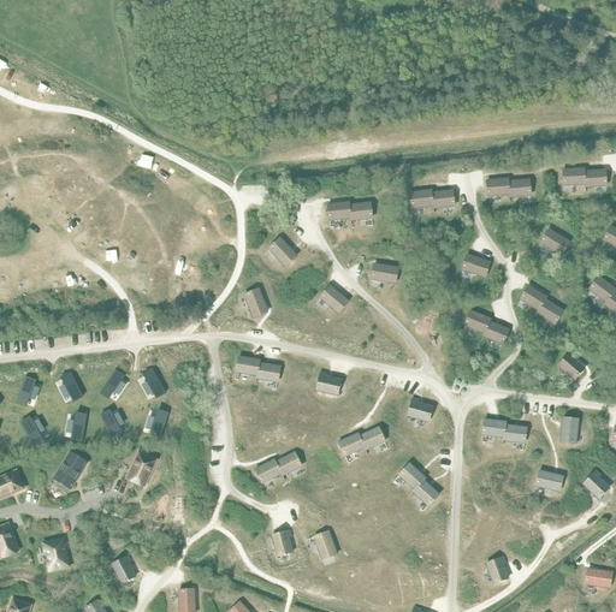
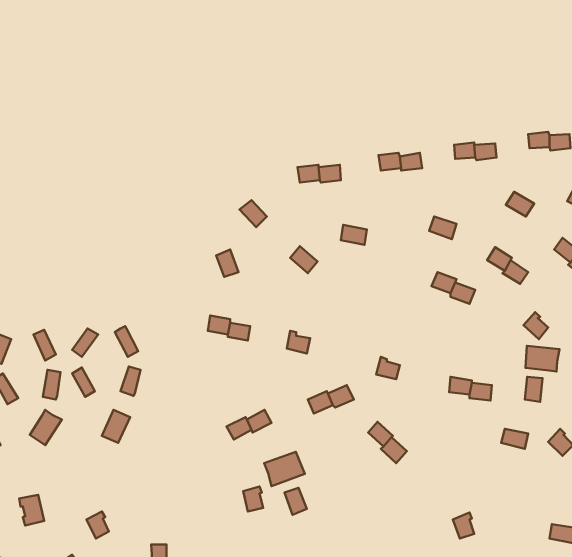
building: none -> [526,346,560,371]
building: none -> [264,452,305,486]

